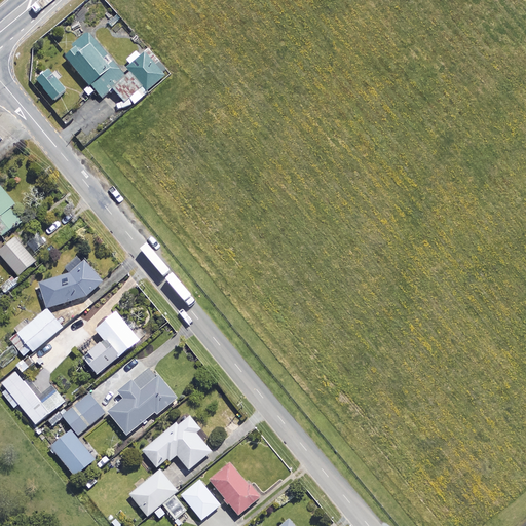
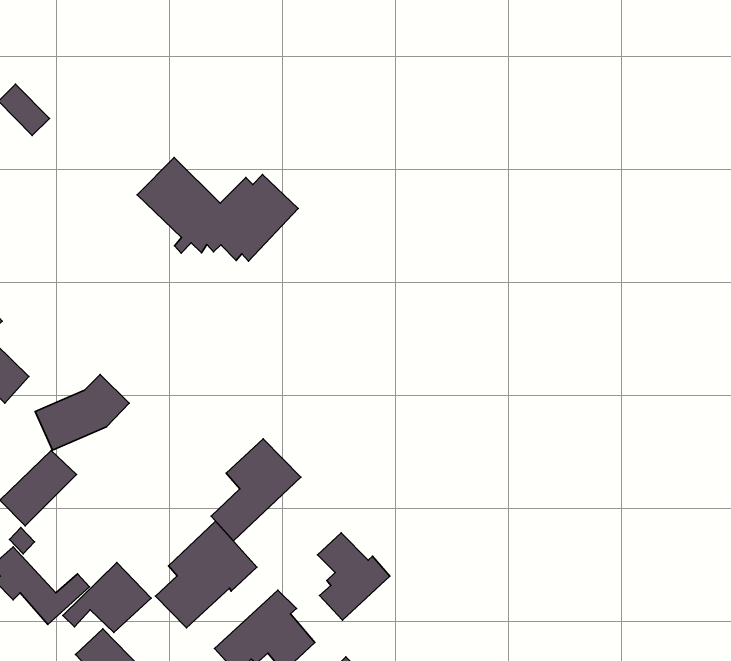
building: [62,32,167,105] -> [137,157,298,261]
building: [82,308,144,374] -> [211,439,301,541]
building: none -> [318,533,390,620]

